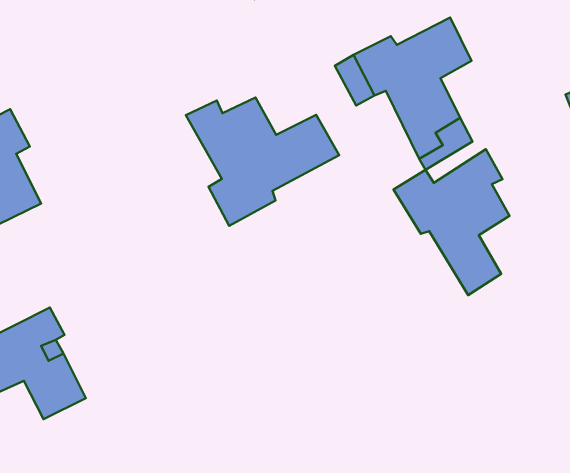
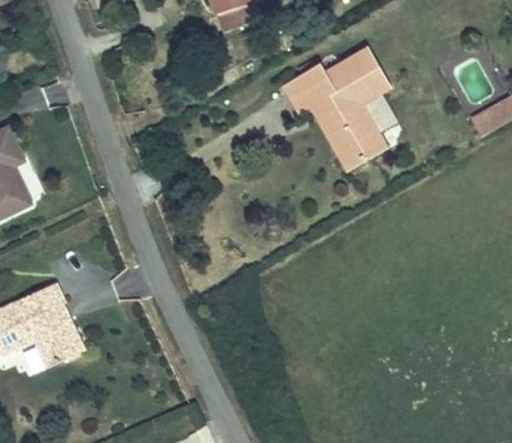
building: [186,98,339,226] -> none
building: [393,149,509,295] -> none

